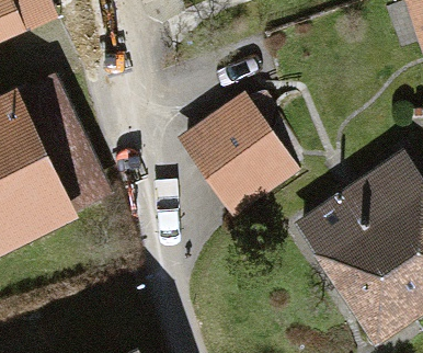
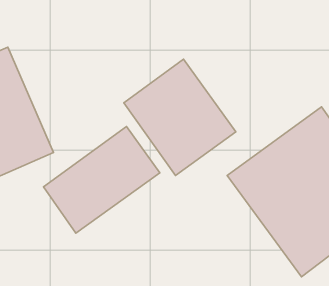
building: none -> [43,127,160,233]

